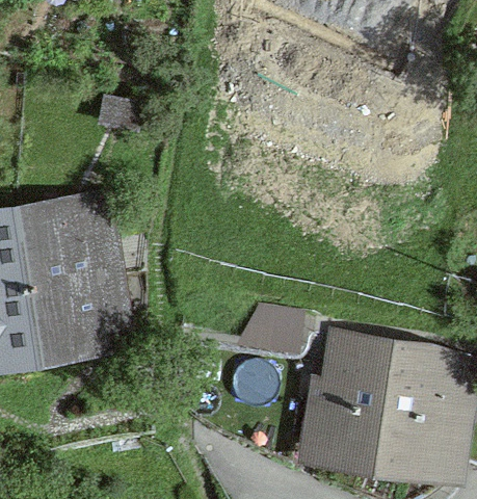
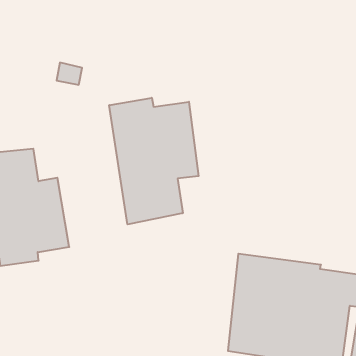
building: none -> [109,98,199,224]

